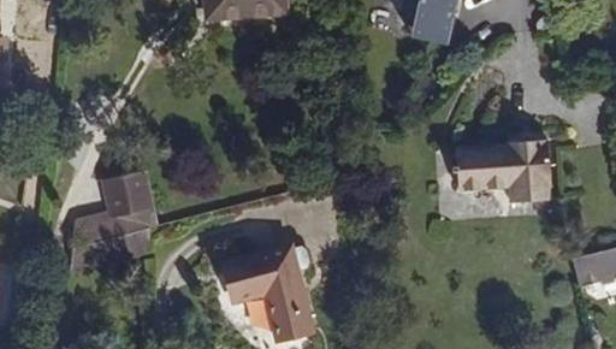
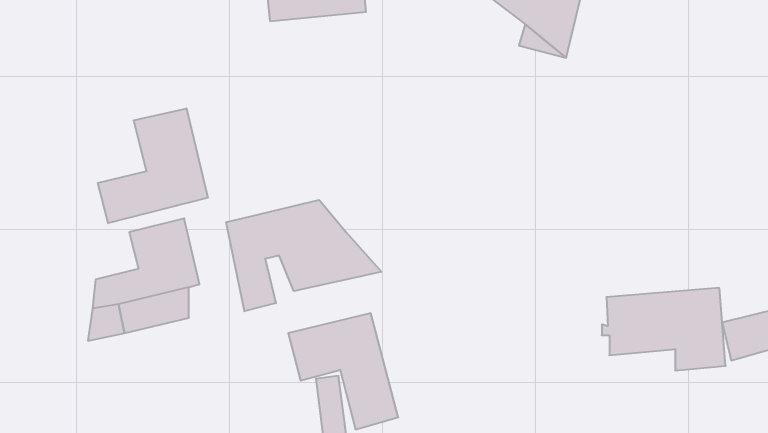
building: none -> [98,108,208,223]
building: [454,140,551,205] -> [602,288,726,370]
building: none -> [226,200,381,311]

